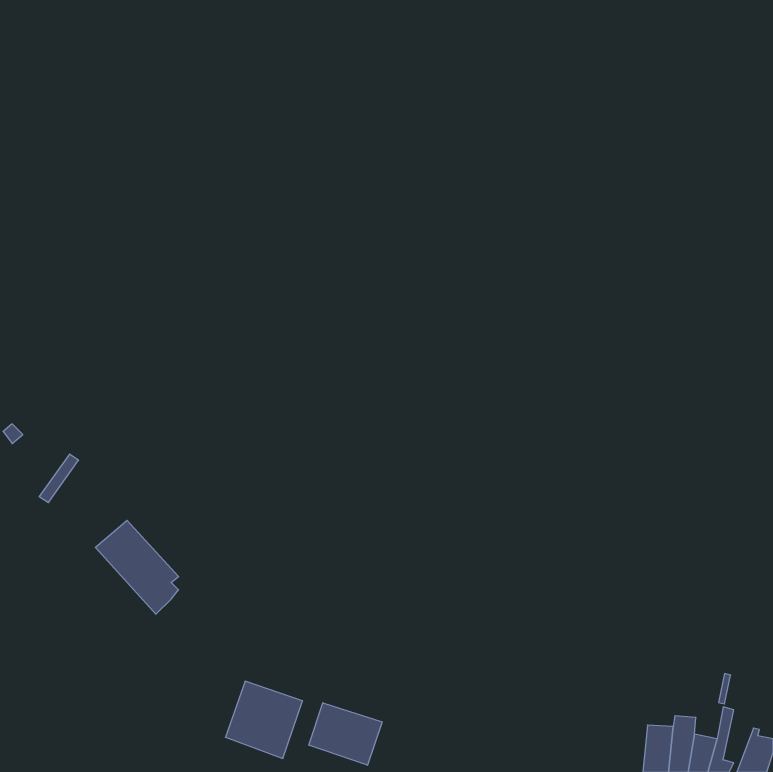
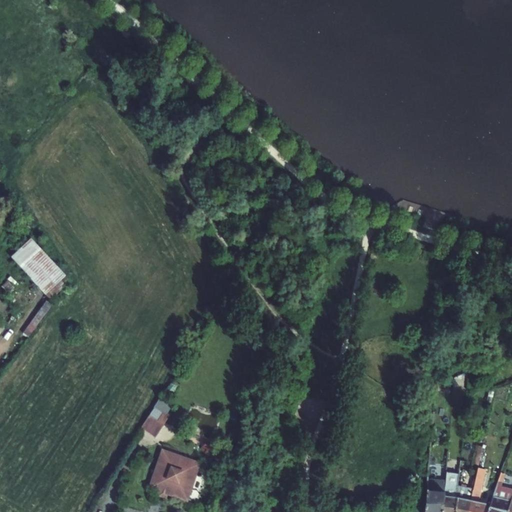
building: [95,520,179,614] -> [11,238,66,300]
building: none -> [143,397,175,435]
building: [309,703,382,765] -> none

